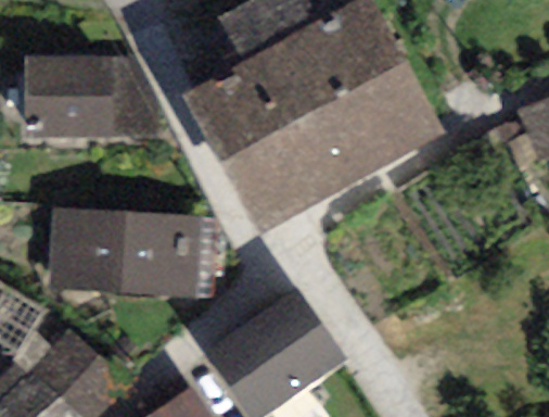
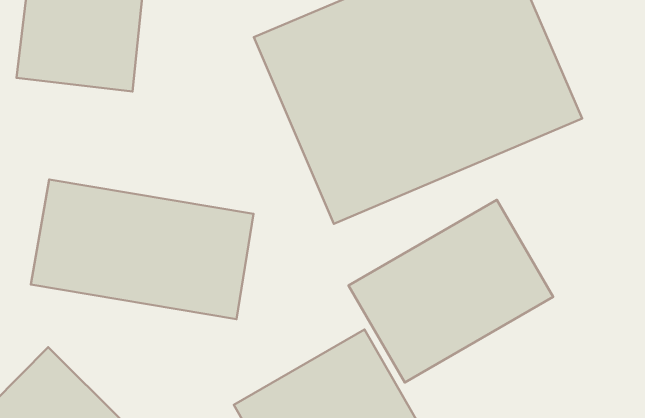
building: none -> [348,200,553,383]

